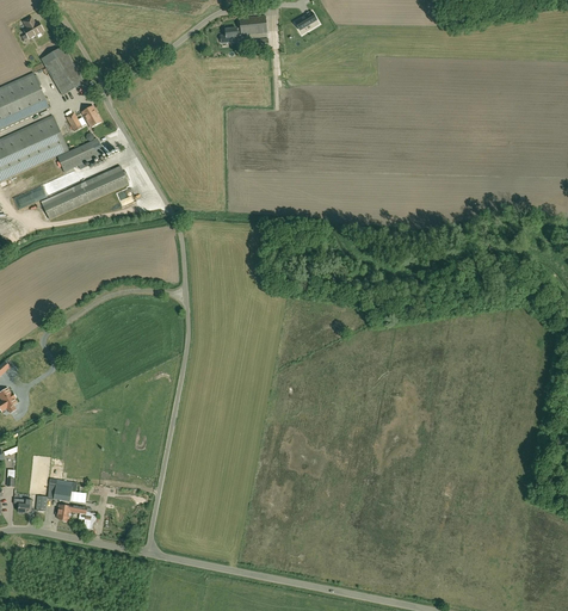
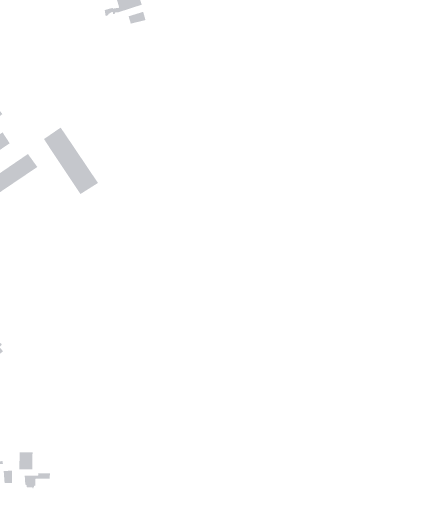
building: none -> [43,126,99,195]

